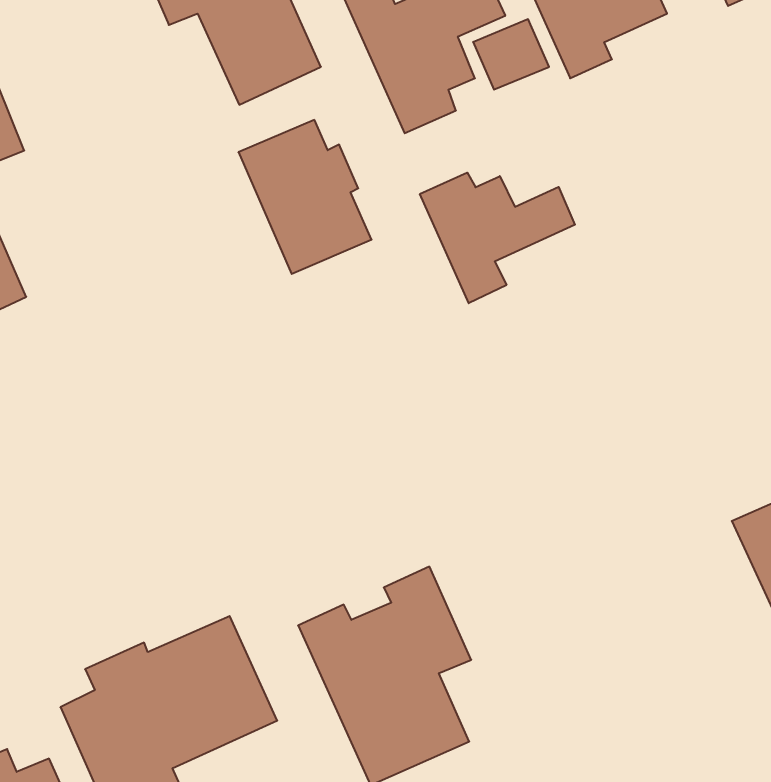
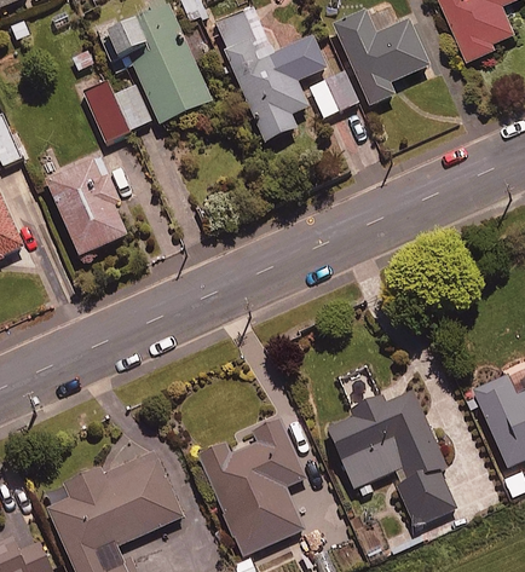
building: none -> [80,79,150,140]
building: [238,120,372,274] -> [44,160,128,258]
building: [420,173,575,303] -> none
building: none -> [325,389,456,527]

